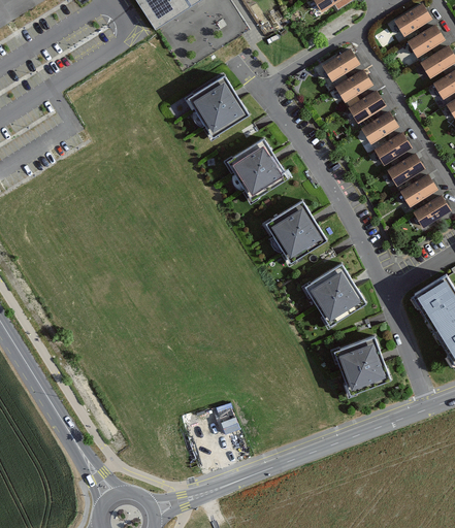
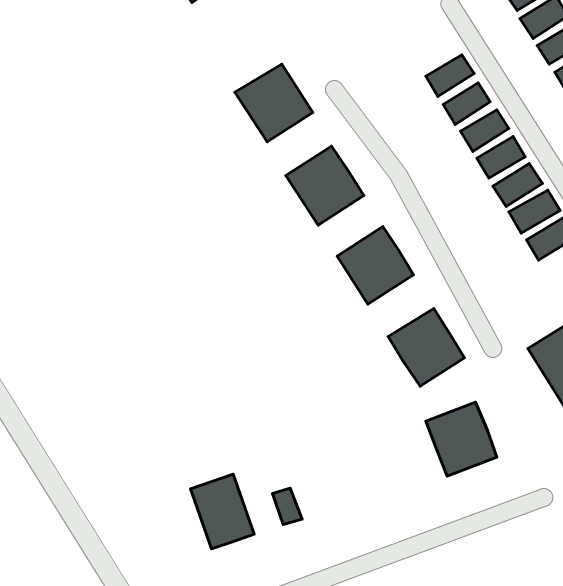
building: [322,47,358,79] -> none
building: none -> [191,474,254,549]

